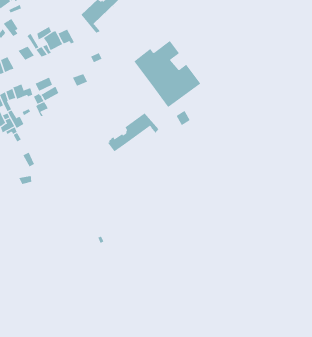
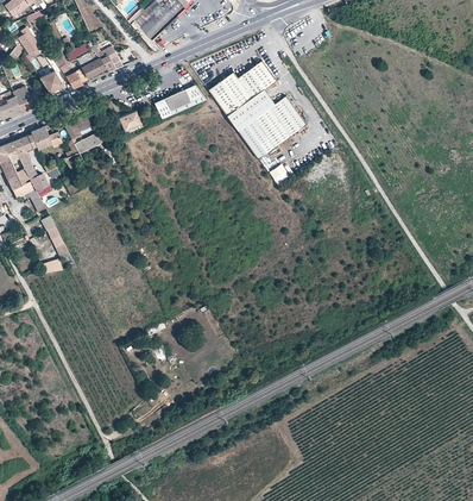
building: none -> [153,84,206,119]
building: [107,112,159,152] -> none

